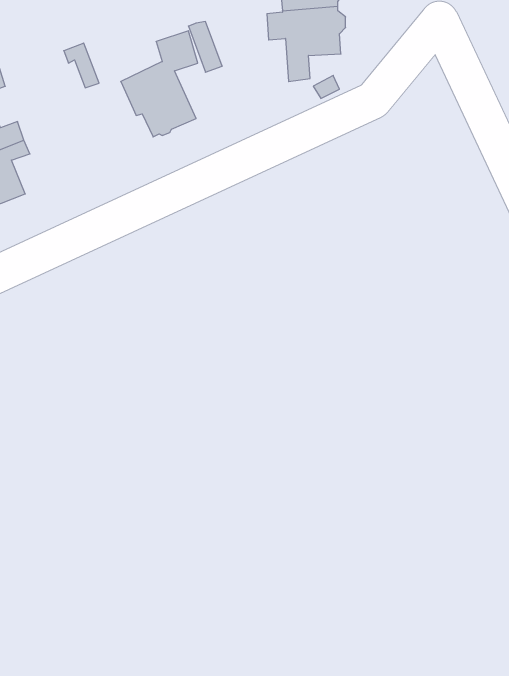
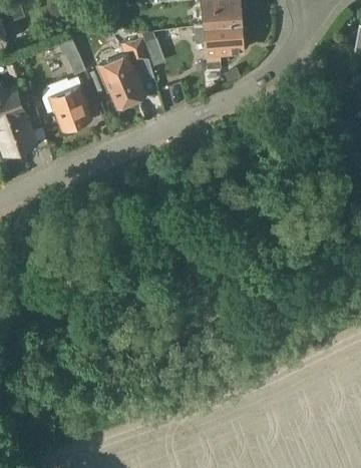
building: none -> [41,79,89,129]

